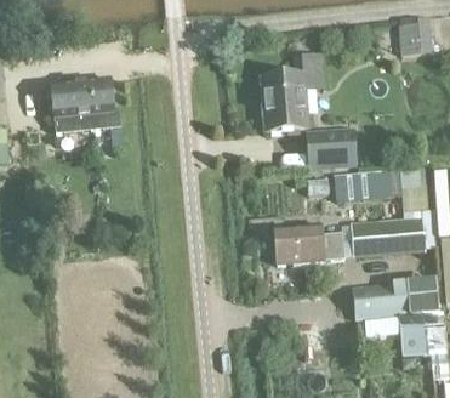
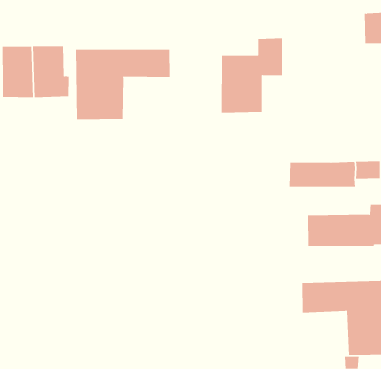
building: none -> [75,49,170,120]
building: [306,127,358,166] -> none
building: [273,223,342,262] -> none

